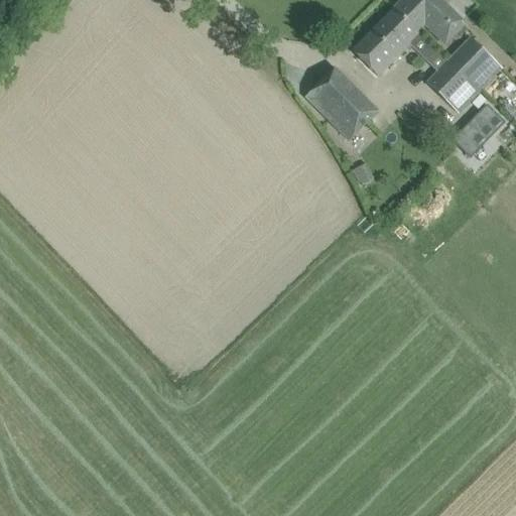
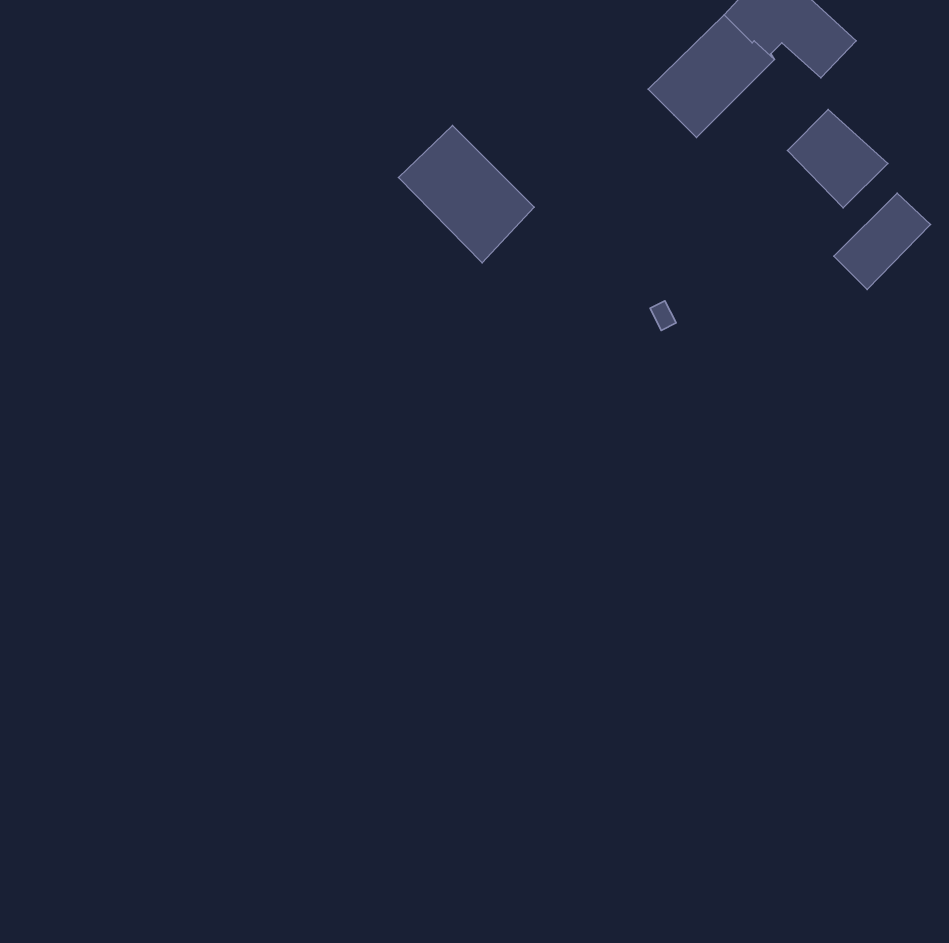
building: [449,37,503,89] -> none
building: [305,67,379,141] -> [399,126,534,263]

